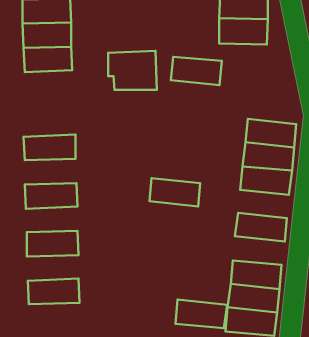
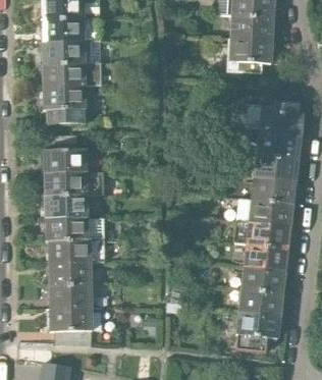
building: [108,51,157,90] -> [42,84,89,121]
building: [171,57,222,85] -> [257,108,306,135]
building: none -> [42,169,92,194]
building: [149,178,200,207] -> [248,199,297,226]
building: none -> [43,215,93,239]
building: none -> [44,262,94,286]
building: [175,299,227,328] -> [243,243,292,271]
building: none -> [46,308,96,332]

